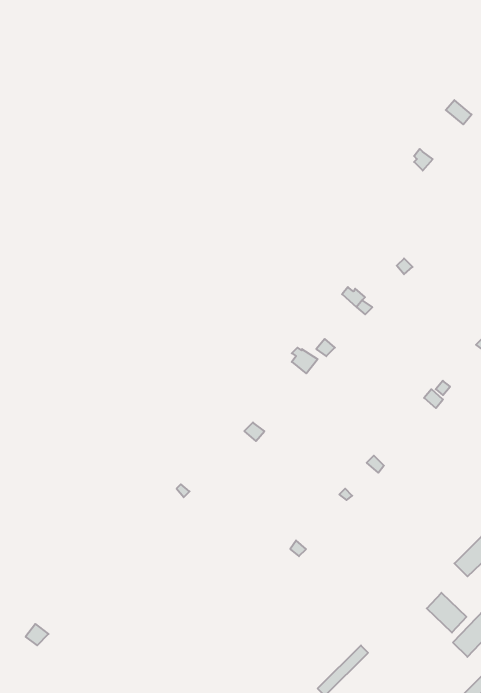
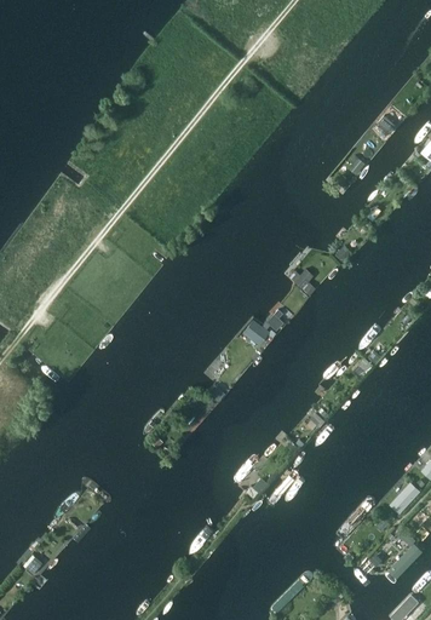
building: [427,593,466,633] -> none

